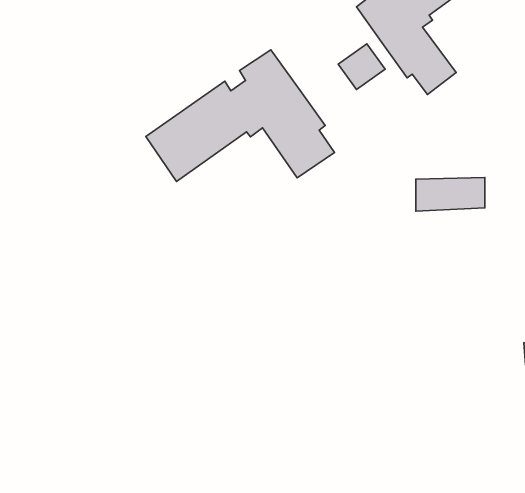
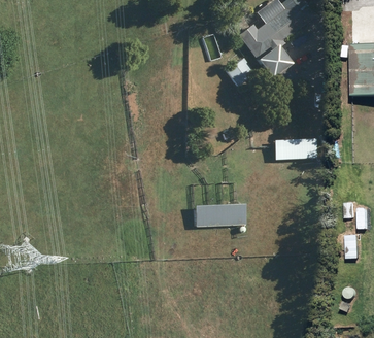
building: [146,50,334,181] -> none
building: none -> [191,204,241,227]

